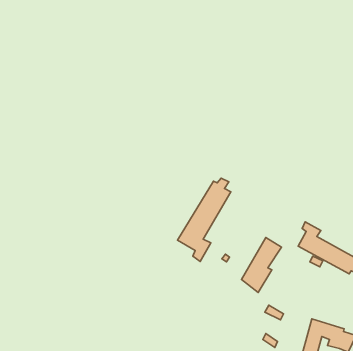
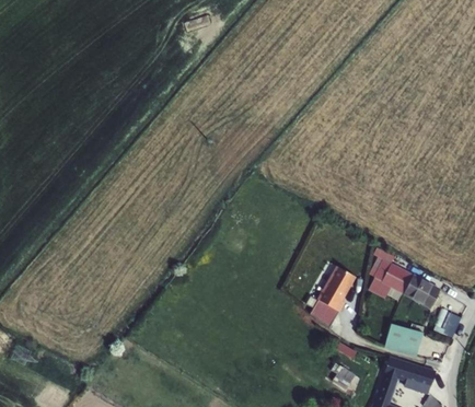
building: [178,178,231,261] -> none
building: none -> [384,324,425,356]

